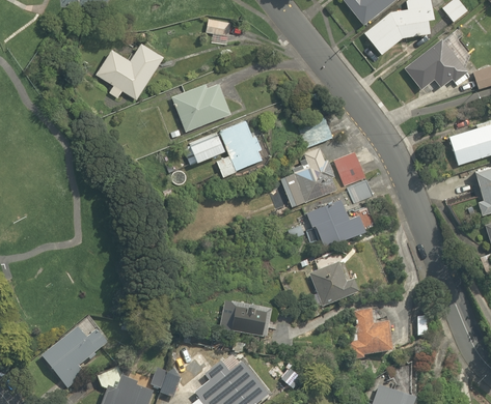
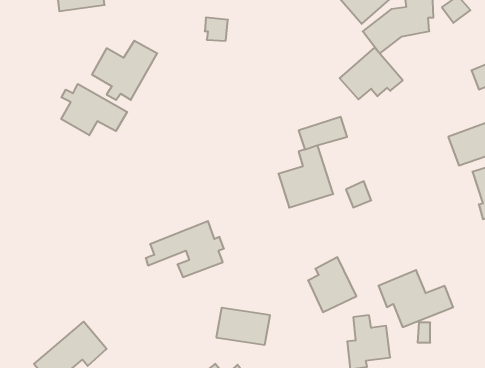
building: [405,37,467,88] -> [340,48,403,99]
building: [172,82,234,133] -> none
building: none -> [61,84,127,135]
building: [186,118,263,173] -> [146,221,224,277]
building: [334,149,366,184] -> none
building: [302,192,376,248] -> [378,270,453,327]

